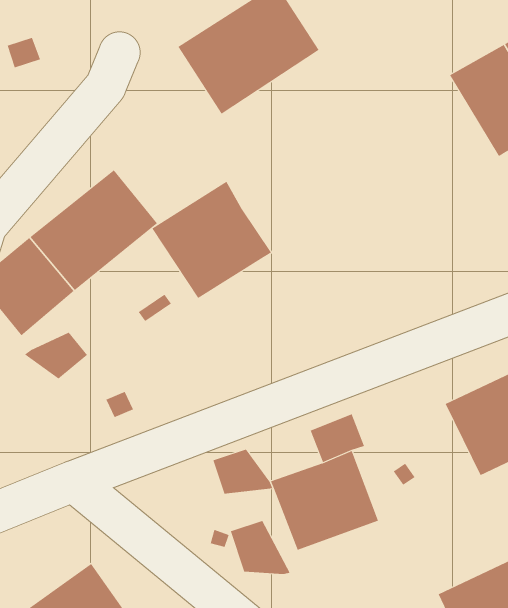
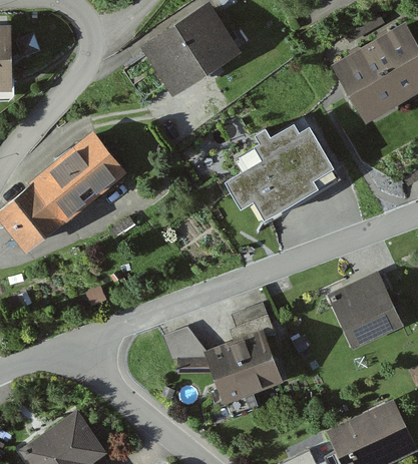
building: none -> [232,118,338,212]
building: [152,181,272,299] -> none
building: [24,332,88,380] -> none
building: [230,520,291,575] -> none

